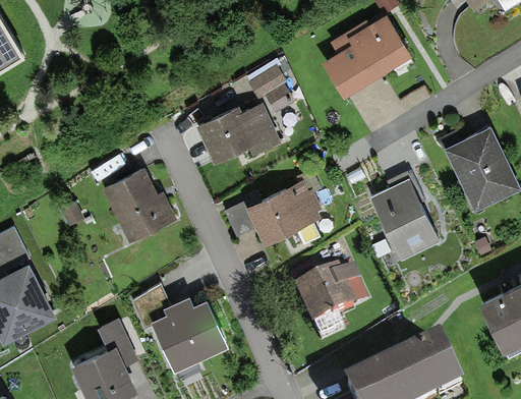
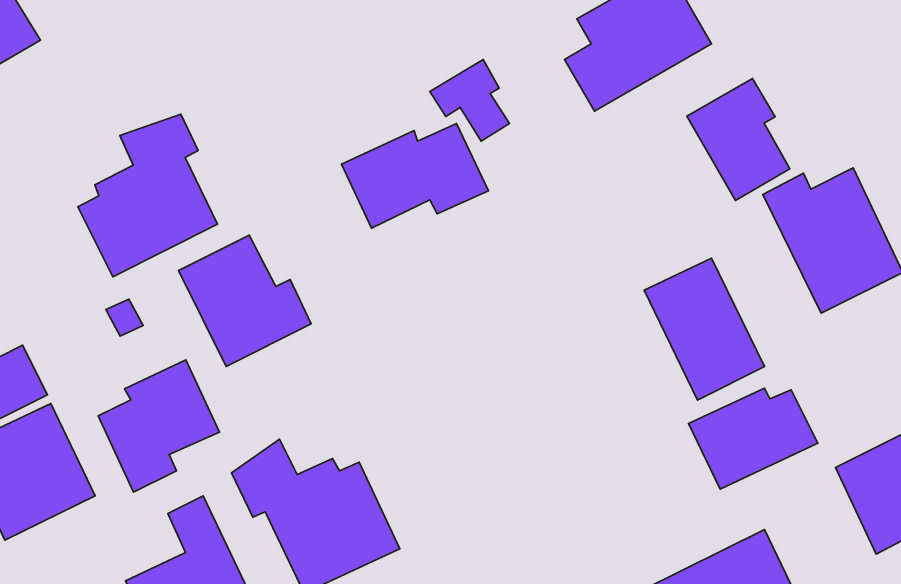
building: none -> [687,78,790,200]
building: none -> [78,114,217,277]
building: [225,181,322,246] -> none
building: none -> [98,360,220,492]
building: [294,269,368,327] -> [688,388,818,489]

